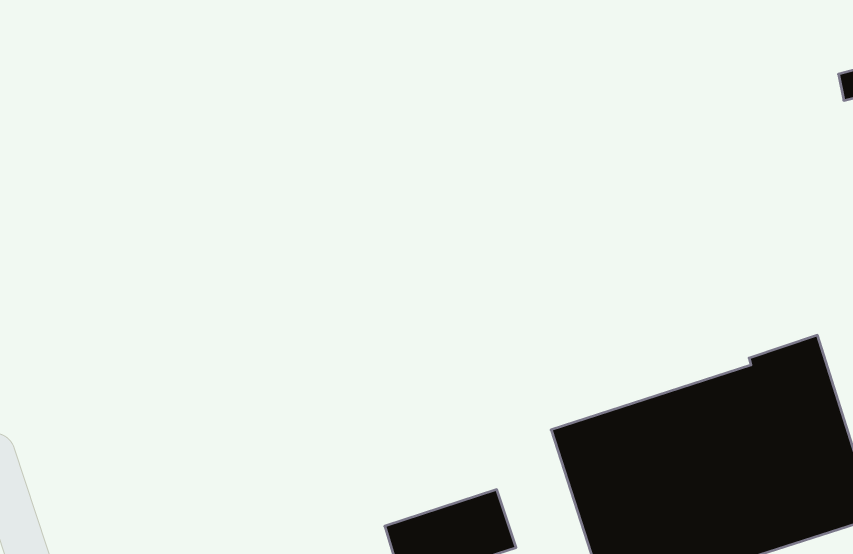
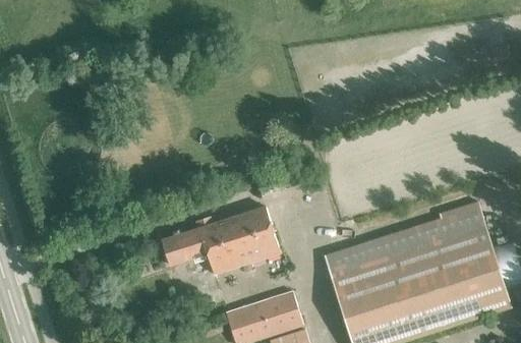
building: none -> [161,206,279,273]

